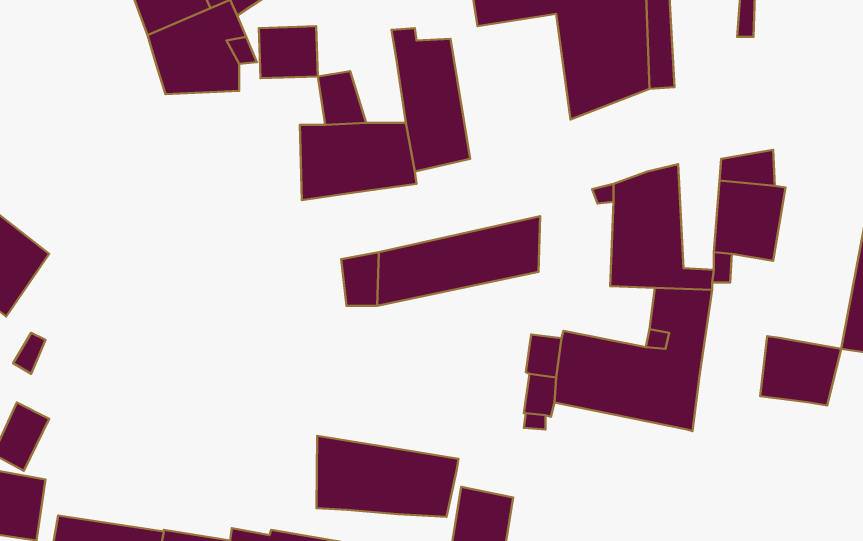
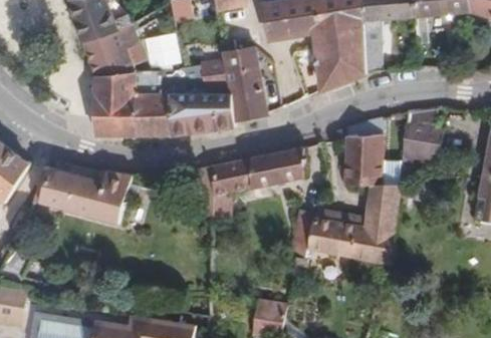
building: none -> [198,59,229,93]
building: none -> [94,75,171,136]
building: none -> [32,171,133,224]
building: [760,336,841,406] -> none
building: [316,436,459,517] -> none

